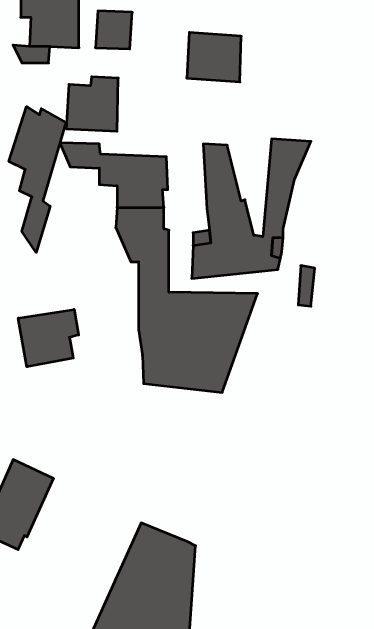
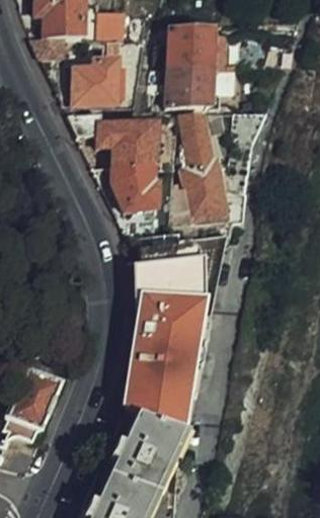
building: none -> [169,64,213,103]
building: [9,107,66,252] -> none
building: [18,309,79,367] -> none
building: none -> [125,308,198,440]

